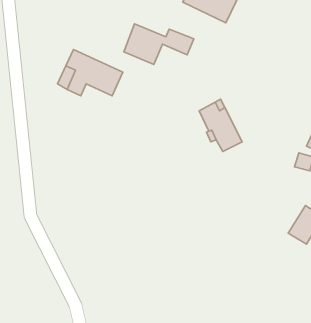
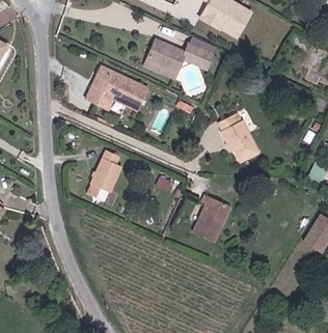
building: none -> [89,150,121,201]
building: none -> [192,195,229,243]

